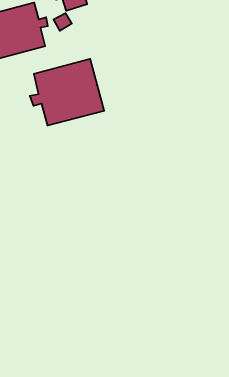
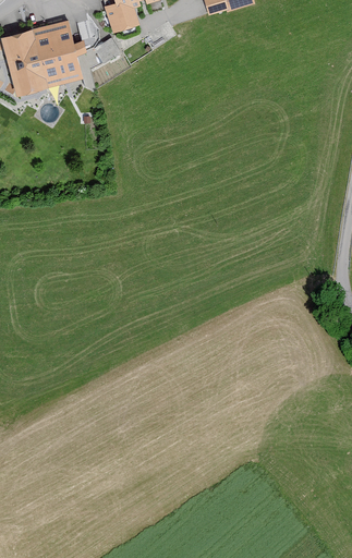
building: [30,59,104,126] -> none

